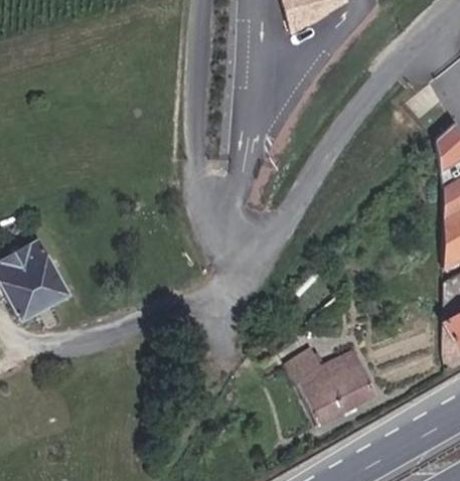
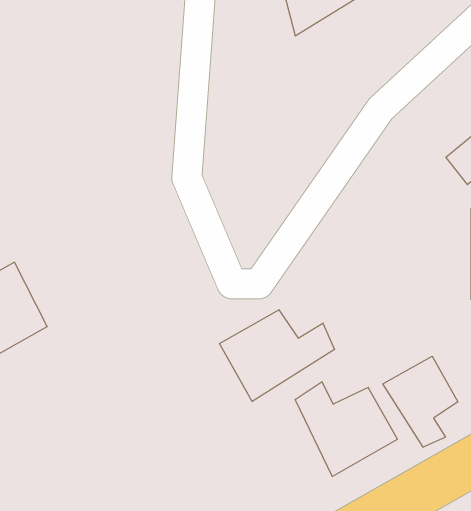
building: none -> [220,310,335,402]
building: none -> [383,356,458,447]

